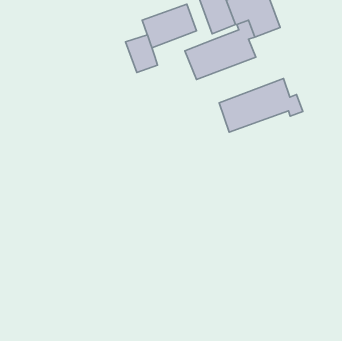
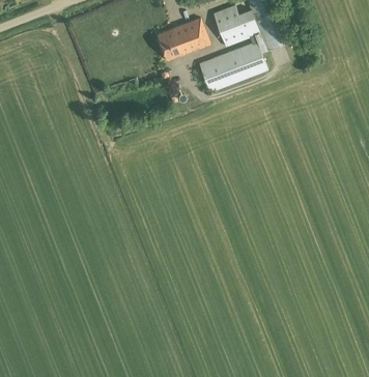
building: [125,35,158,73] -> none
building: [219,79,303,132] -> none

